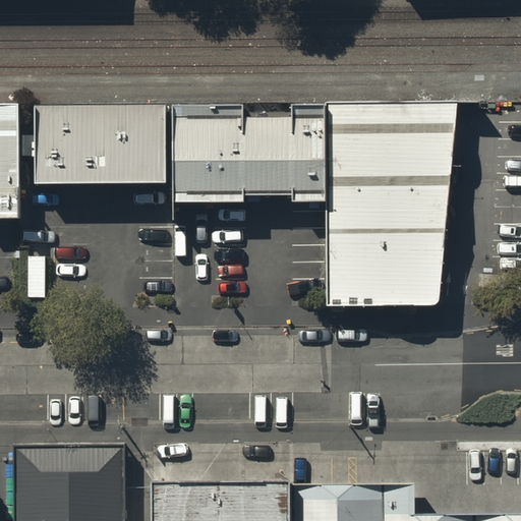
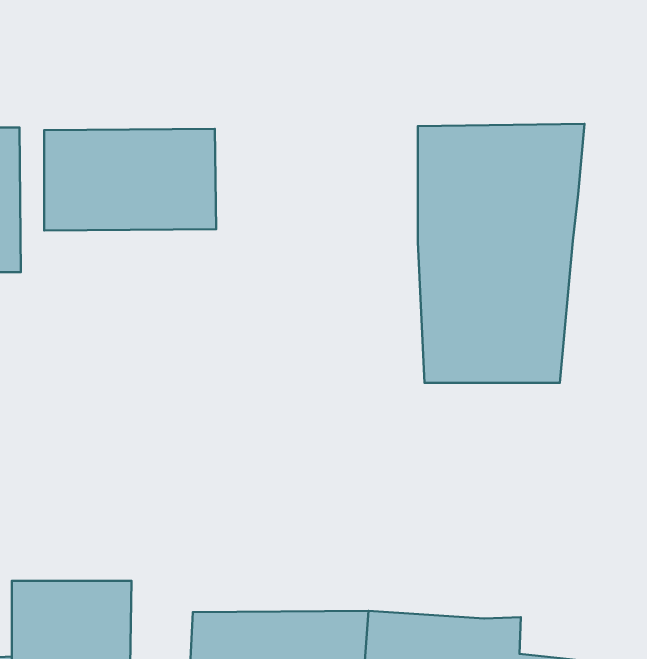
building: [170,104,327,195] -> none

